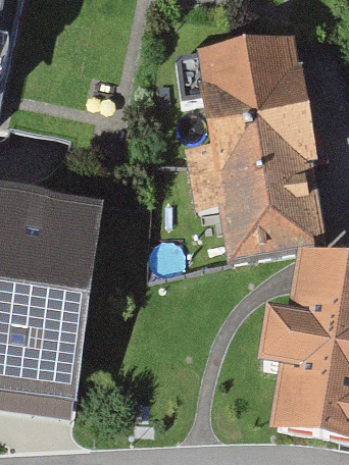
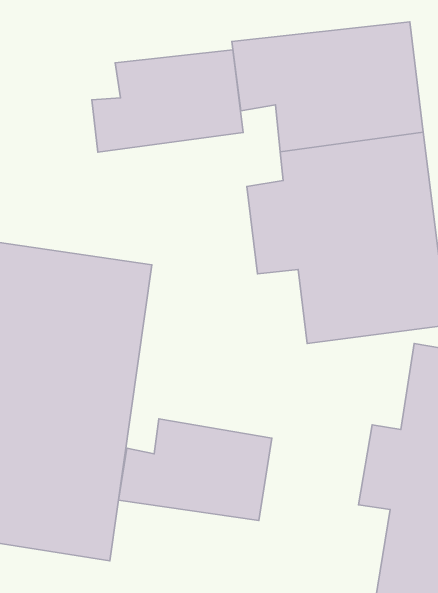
building: none -> [92,50,243,152]
building: none -> [118,419,272,521]

